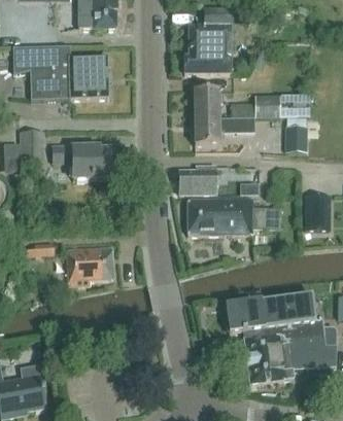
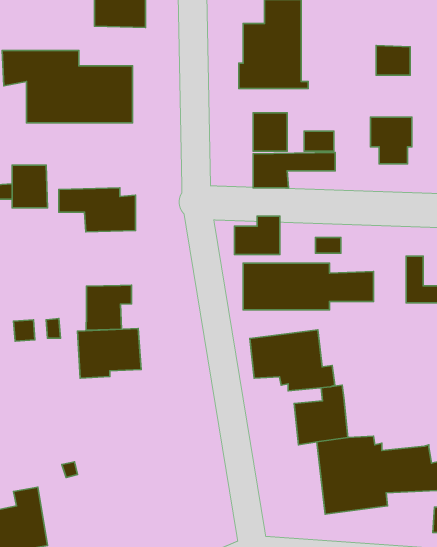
building: [255,96,280,117] -> [376,45,410,75]
building: [285,129,307,153] -> none
building: none -> [86,285,131,330]
building: [261,292,322,337] -> [250,330,335,391]

